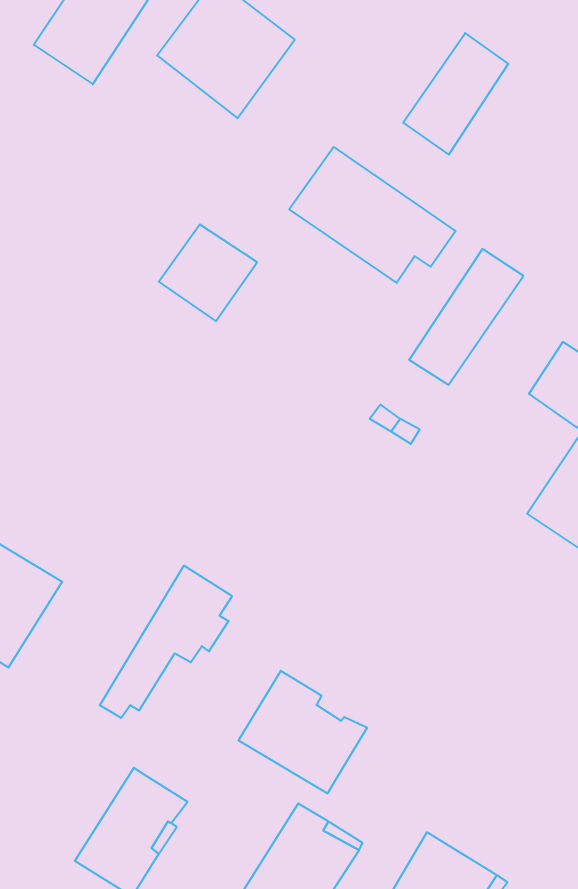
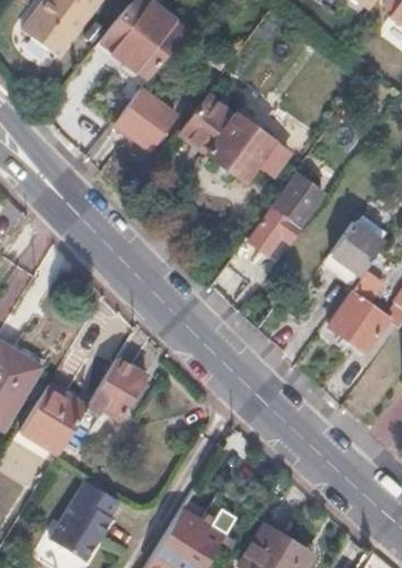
building: [403,33,508,155] -> none
building: [159,225,257,321] -> [115,92,177,152]
building: none -> [22,387,88,455]
building: [239,671,367,793] -> none

